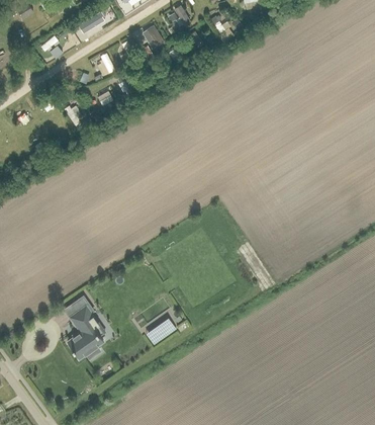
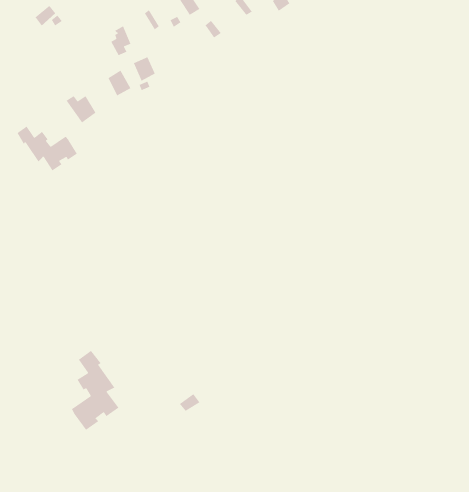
building: none -> [16,126,78,172]

